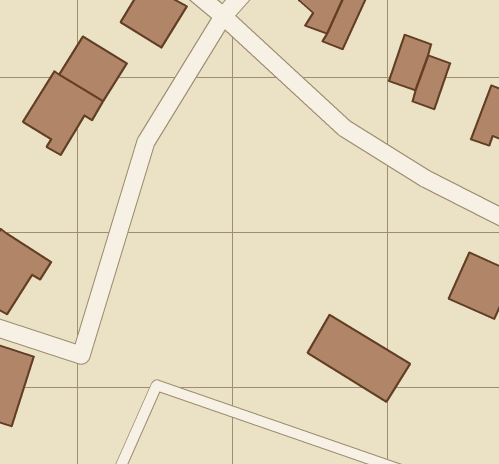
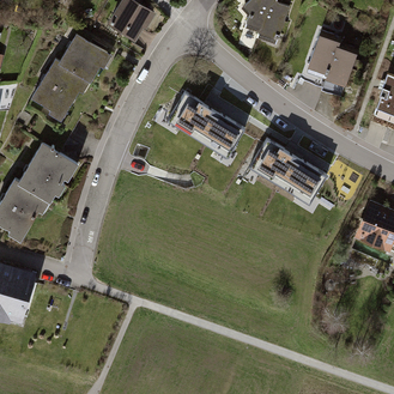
building: none -> [165,89,244,154]
building: none -> [19,146,77,206]
building: [308,315,410,402] -> [248,135,326,201]

